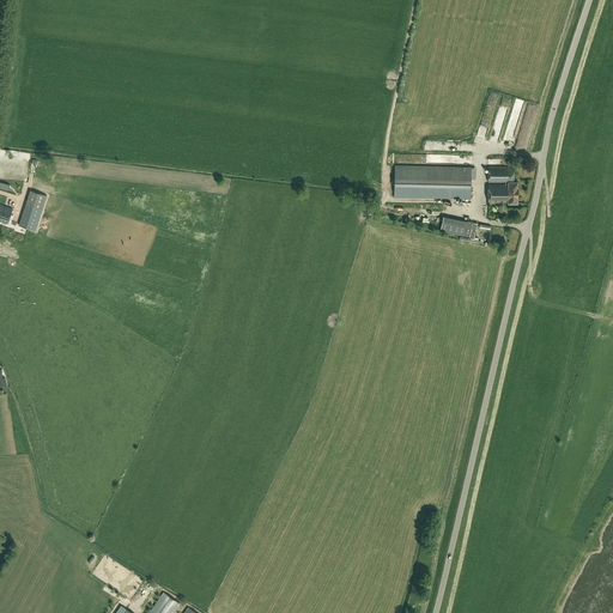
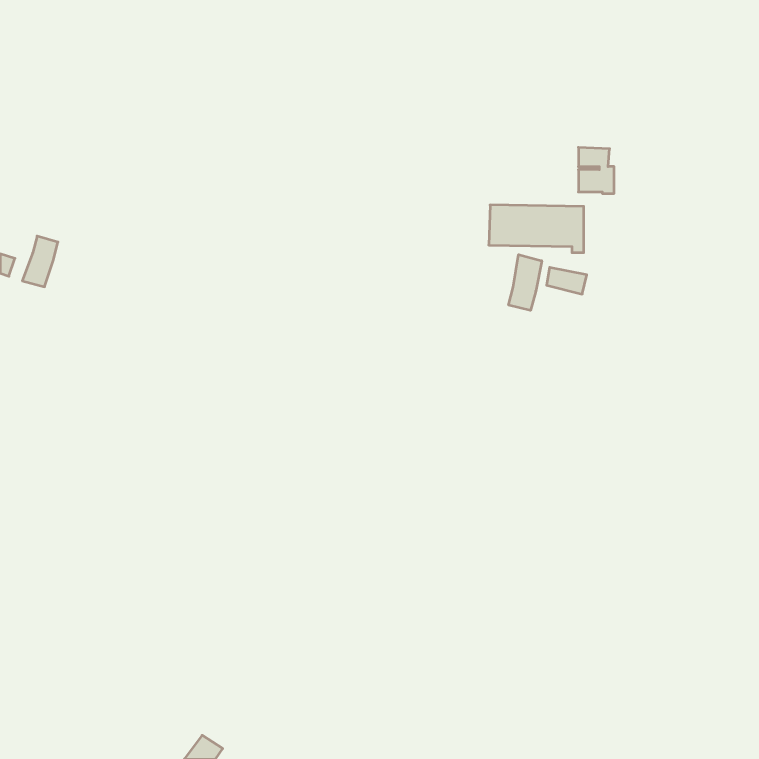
building: [488,166,517,204] -> [578,147,614,193]
building: none -> [509,255,542,310]

